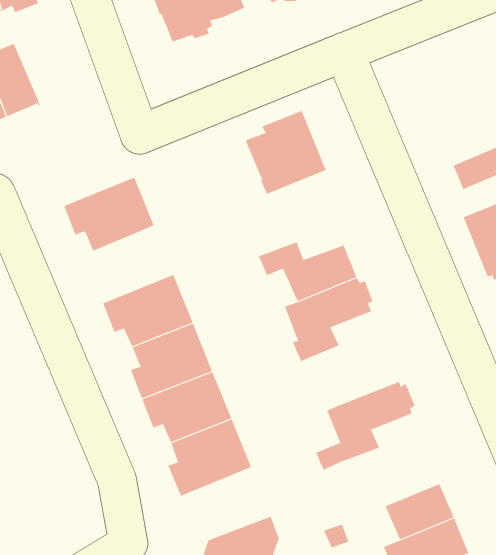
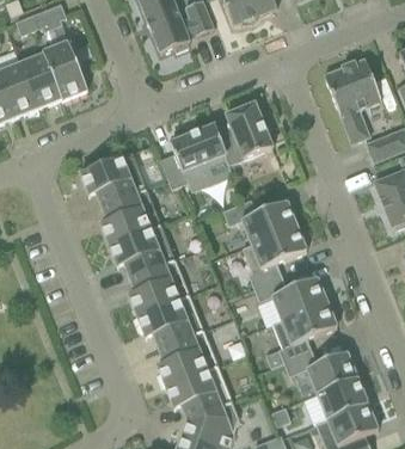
building: none -> [43,42,88,99]
building: none -> [324,59,382,143]
building: none -> [160,124,233,191]
building: none -> [100,187,161,245]
building: none -> [254,276,327,320]
building: none -> [284,351,360,394]
building: none -> [166,365,233,419]

